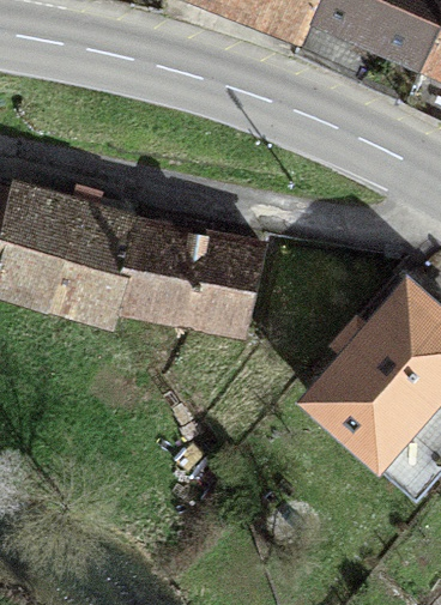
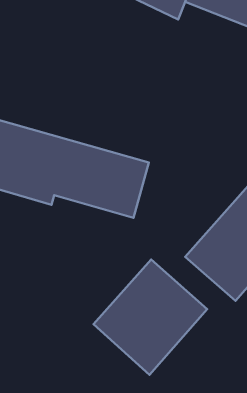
building: none -> [93,259,207,375]

